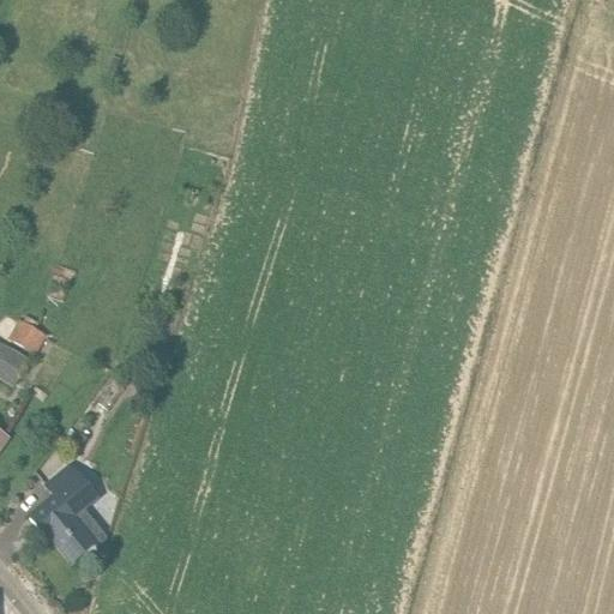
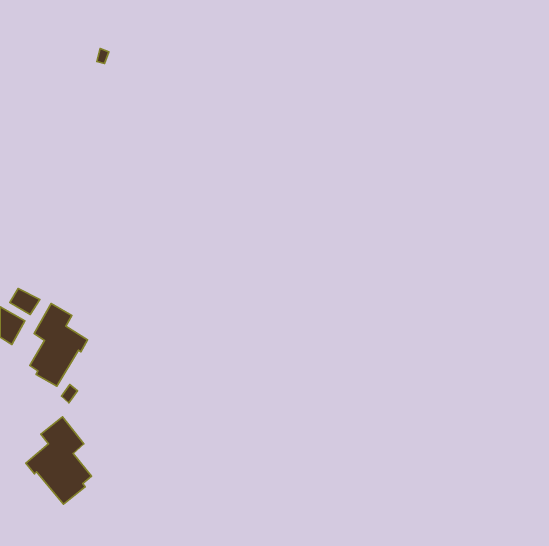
building: none -> [30,304,88,386]

